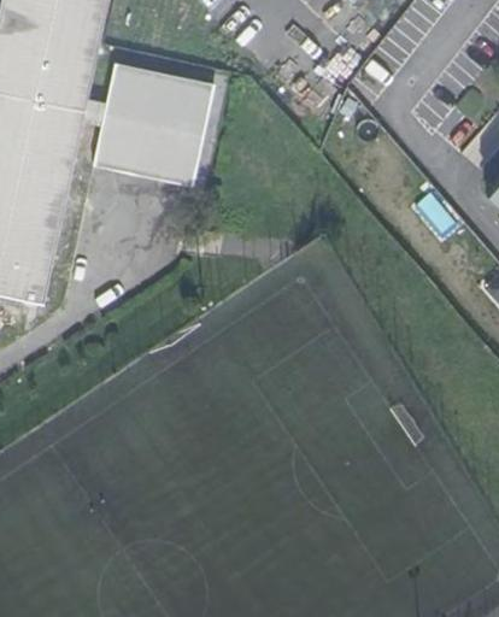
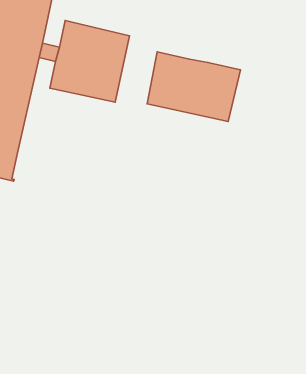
building: none -> [147,52,240,122]

